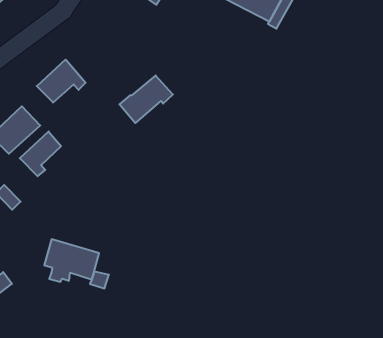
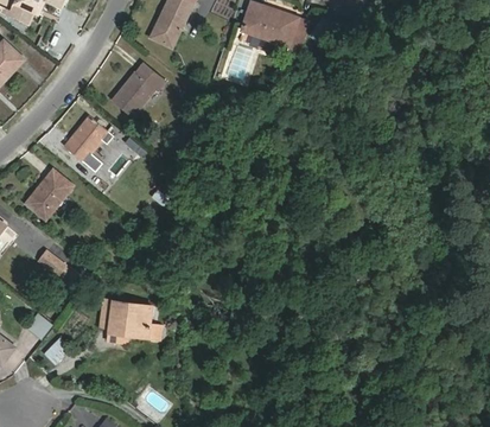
building: [119,75,173,123] -> [113,64,165,115]
building: [20,131,61,176] -> none

